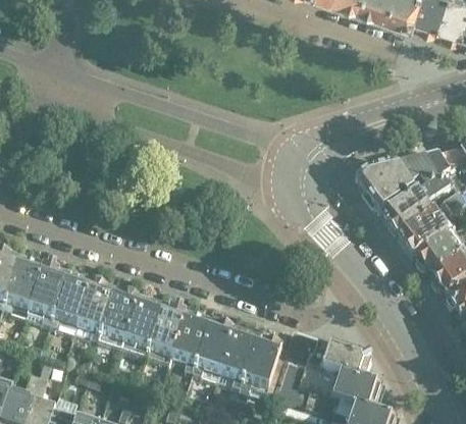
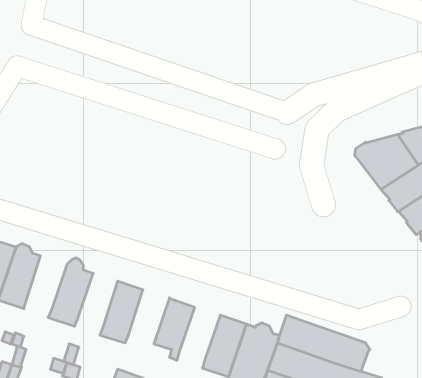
building: [46,276,90,338] -> none
building: [97,289,137,350] -> none
building: [144,308,185,365] -> none
building: [192,324,231,380] -> none

